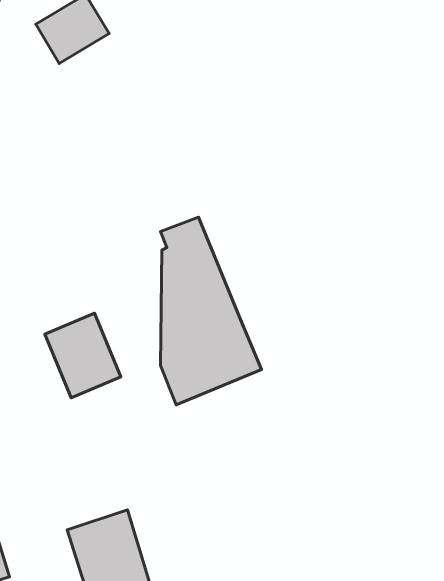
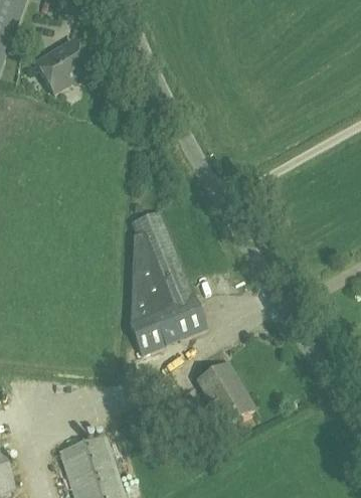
building: [45,313,121,398] -> none
building: none -> [195,363,253,428]

